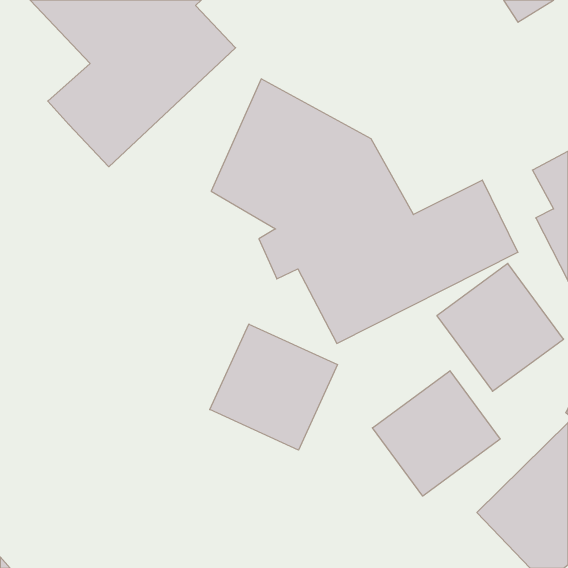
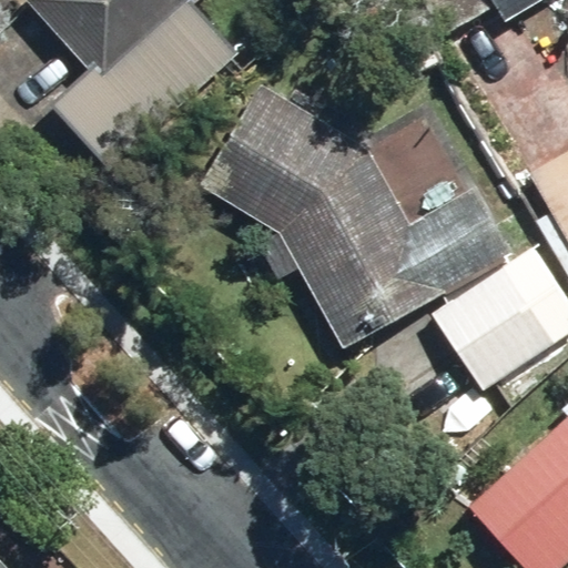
building: [210,324,337,450] -> none
building: [372,371,500,496] -> none

